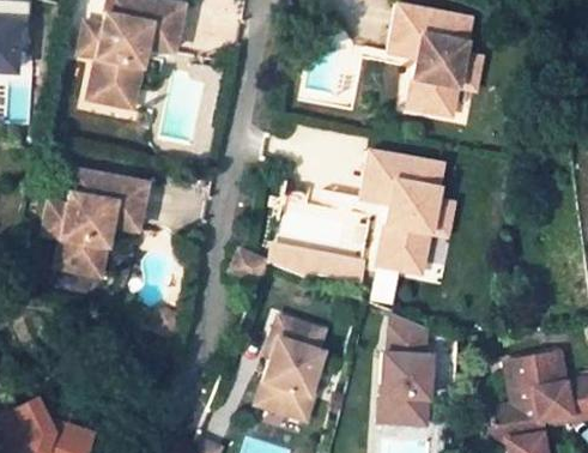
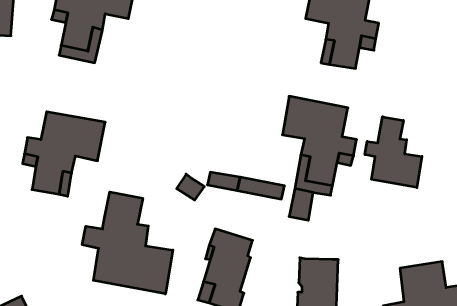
building: none -> [365,117,422,188]
building: none -> [82,192,173,294]
building: [390,312,428,354] -> none

